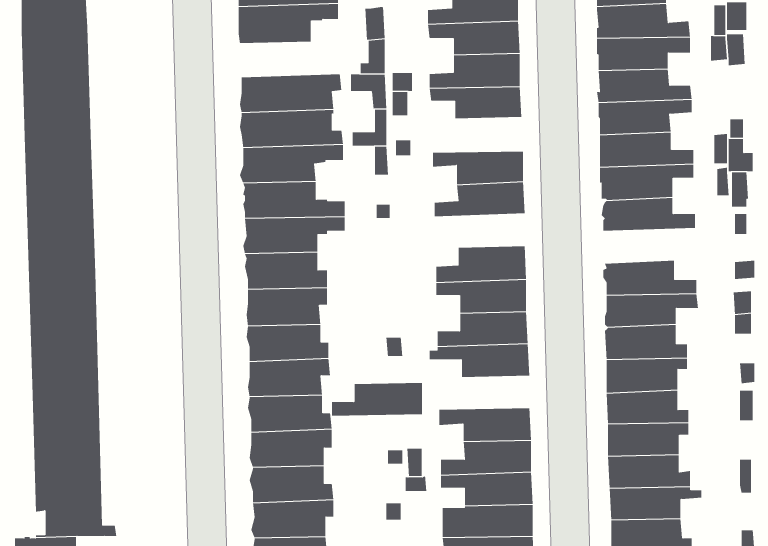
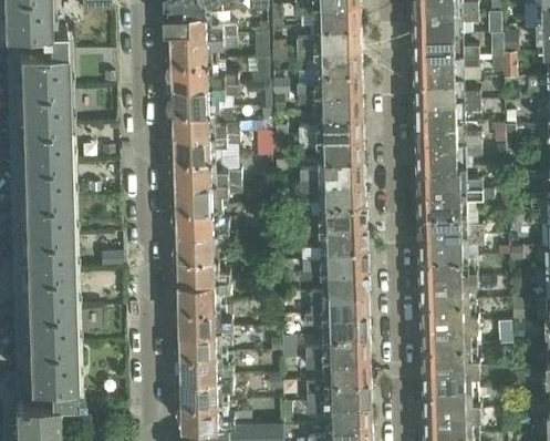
building: none -> [168,59,239,83]
building: none -> [301,111,365,135]
building: none -> [303,177,366,201]
building: none -> [419,187,496,212]
building: [331,382,423,416] -> [307,289,370,312]

